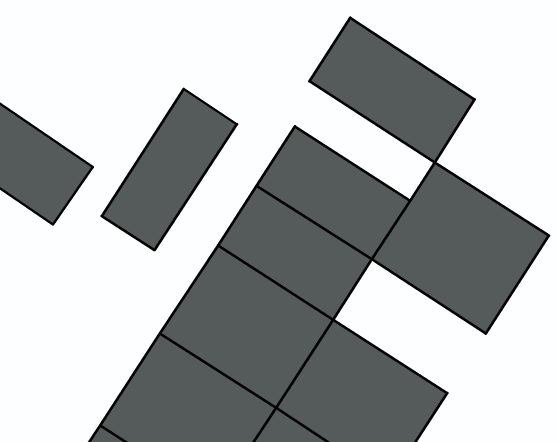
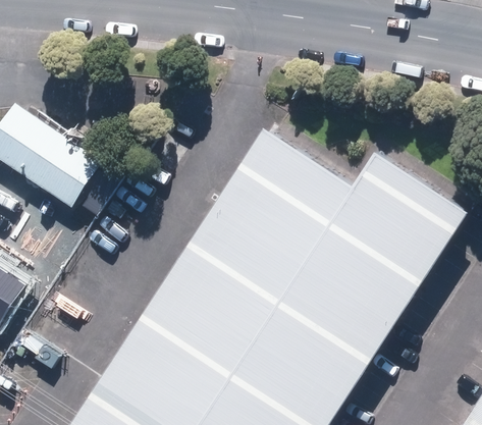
building: [309,18,475,162] -> none
building: [102,89,237,250] -> none
building: none -> [296,233,421,343]

